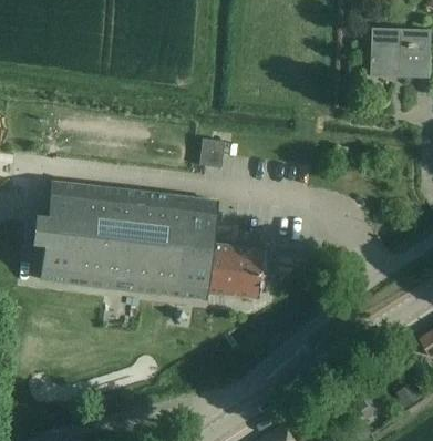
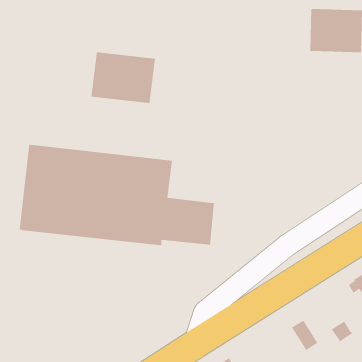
building: none -> [91,52,156,104]
building: [197,137,223,167] -> none

